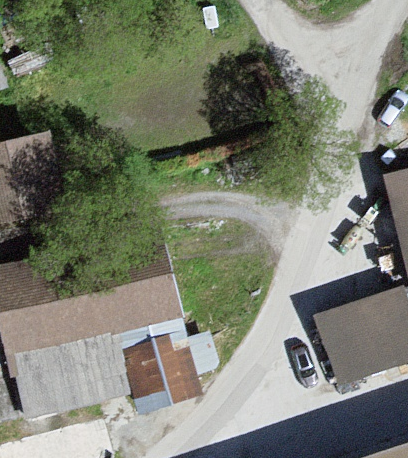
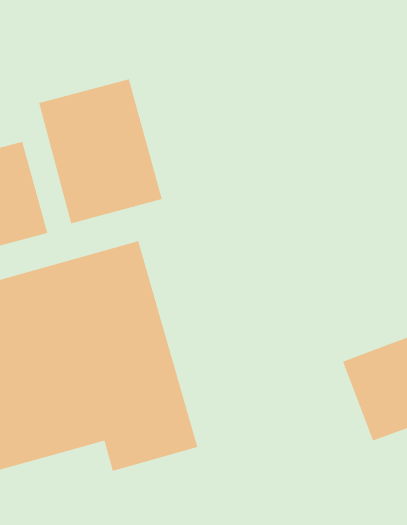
building: none -> [38,79,163,224]

